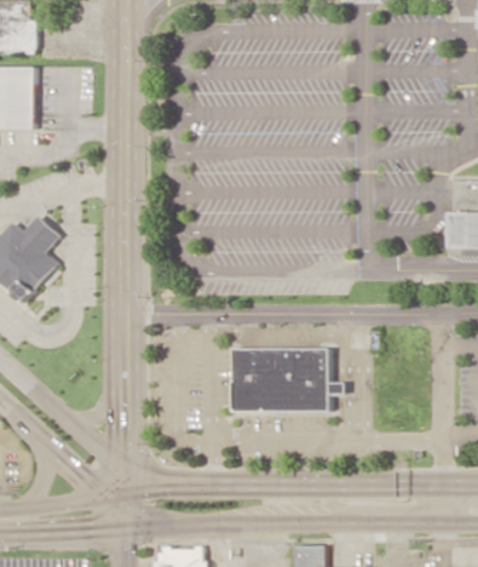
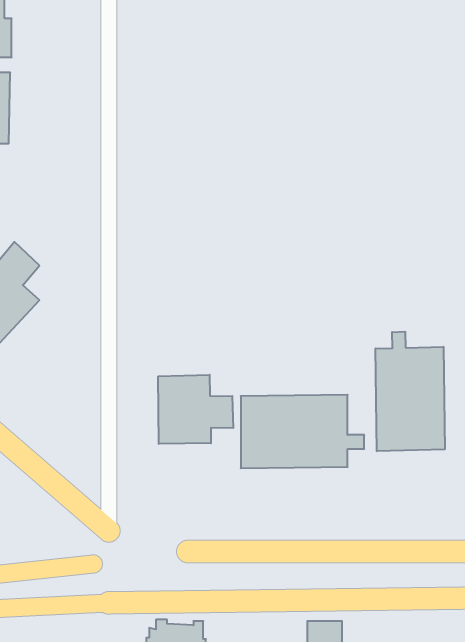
building: none -> [376,332,445,451]
building: none -> [158,375,233,444]

